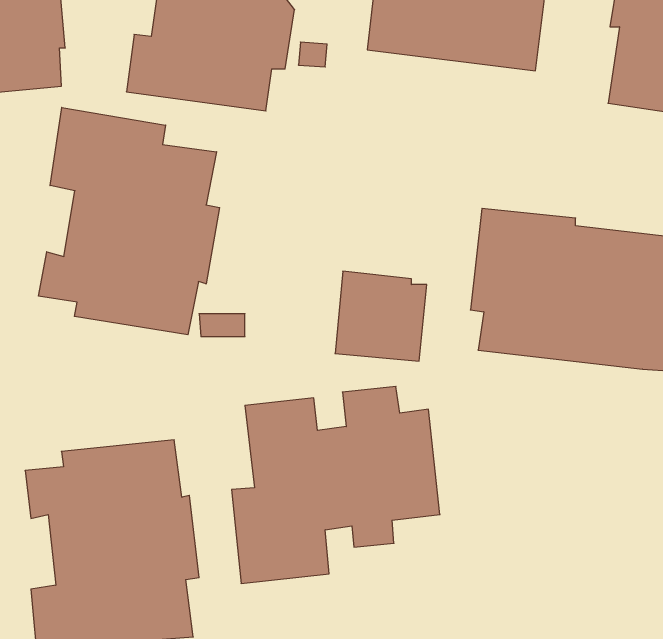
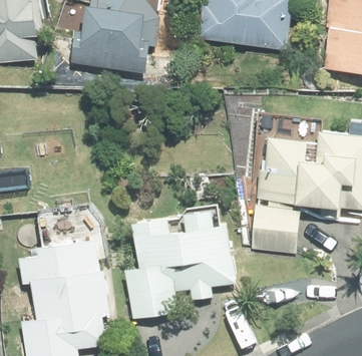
building: [39,107,220,335] -> none
building: [335,271,427,361] -> [251,203,299,250]

